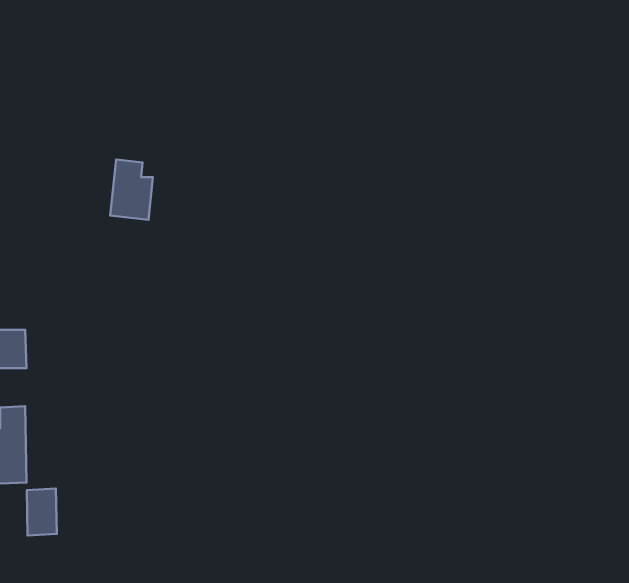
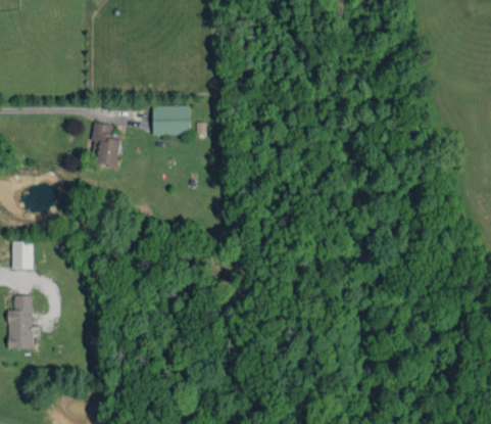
building: none -> [152,104,189,134]
building: [27,488,57,536] -> none

